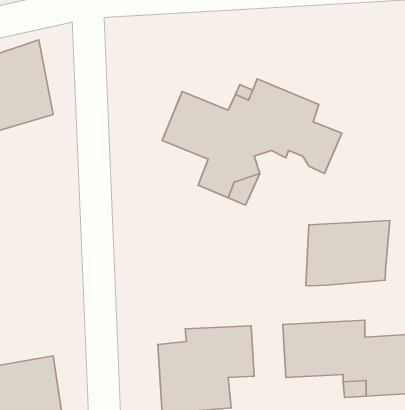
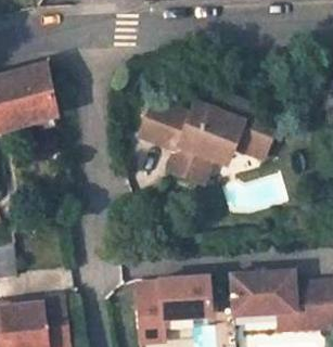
building: [306,220,390,286] -> none

